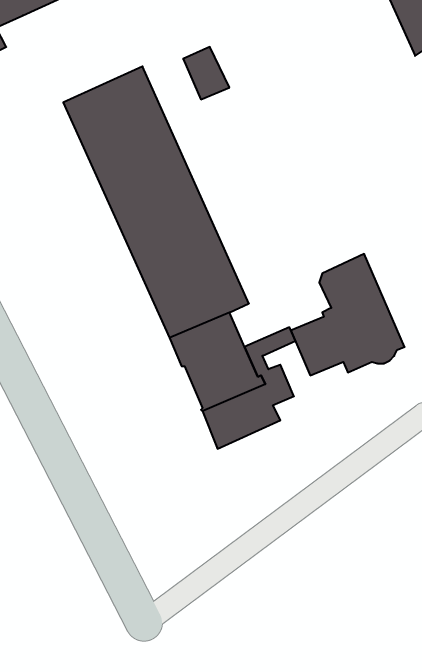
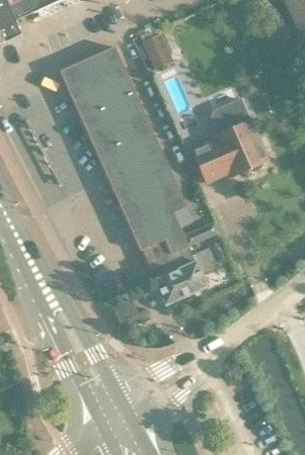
building: [291,254,405,375] -> [192,96,269,178]

